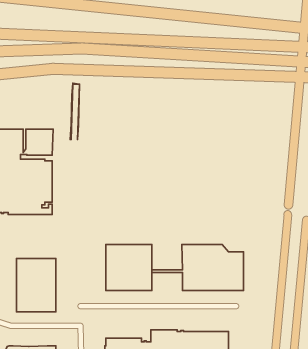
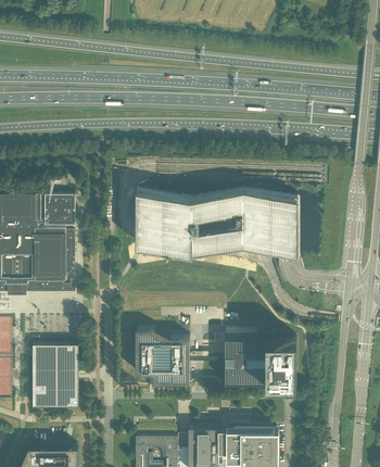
building: none -> [134,189,297,254]

